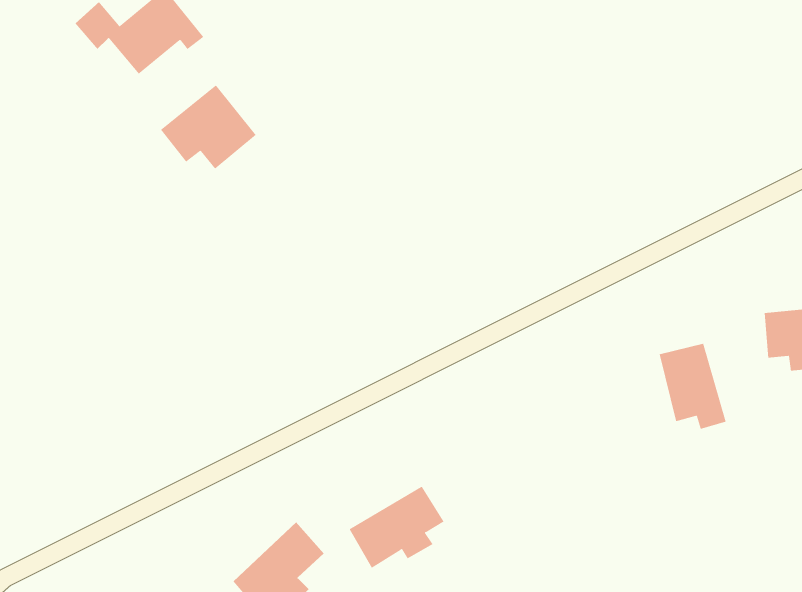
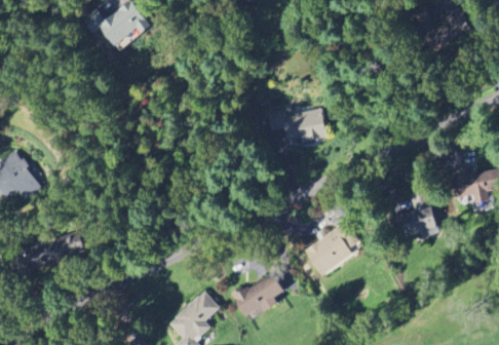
building: [160,85,257,169] -> none
building: none -> [282,109,325,144]
building: none -> [303,221,358,276]

